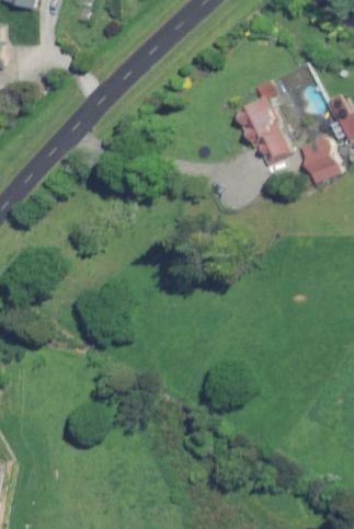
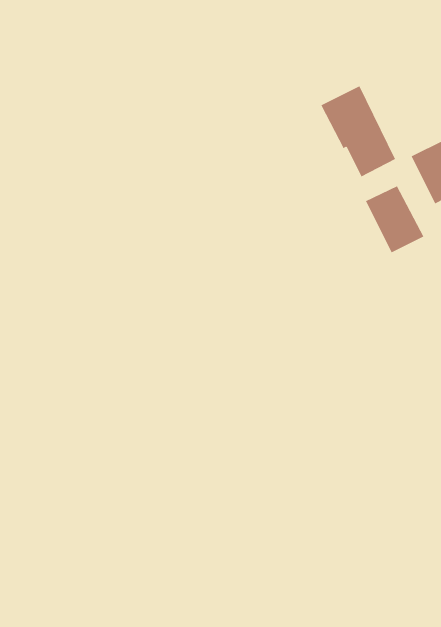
building: none -> [365,186,424,253]

